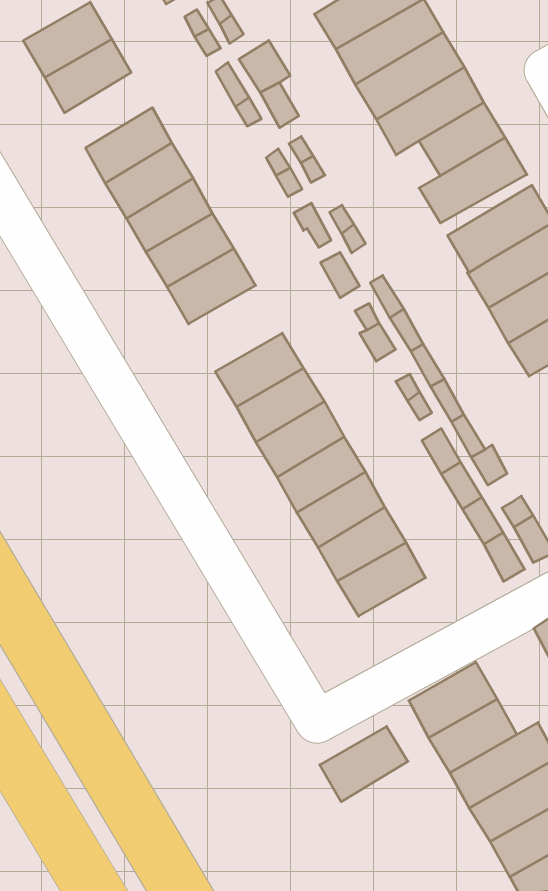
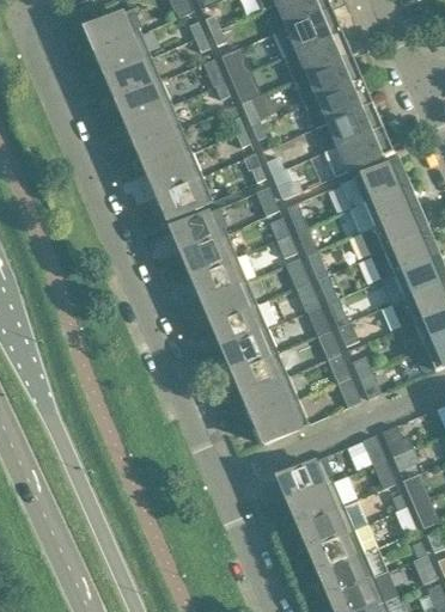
building: none -> [104,56,160,100]
building: none -> [169,208,225,252]
building: [320,726,408,802] -> [251,399,307,443]

